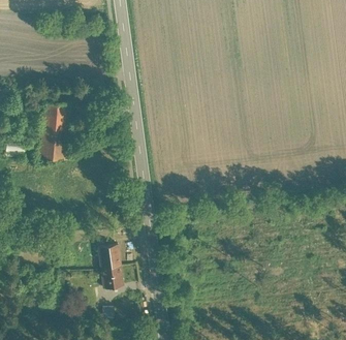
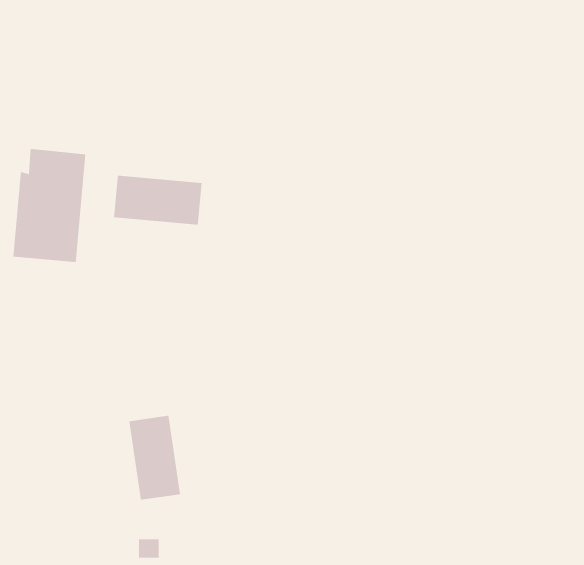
building: none -> [114,175,202,226]

